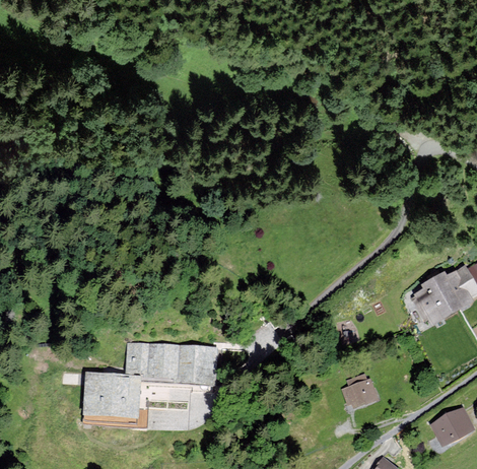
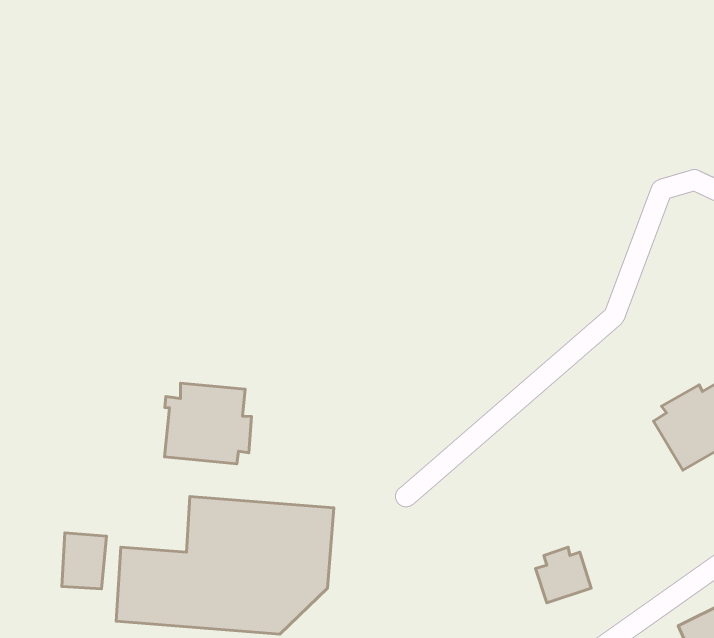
building: none -> [165,383,252,464]
building: none -> [62,533,107,589]

